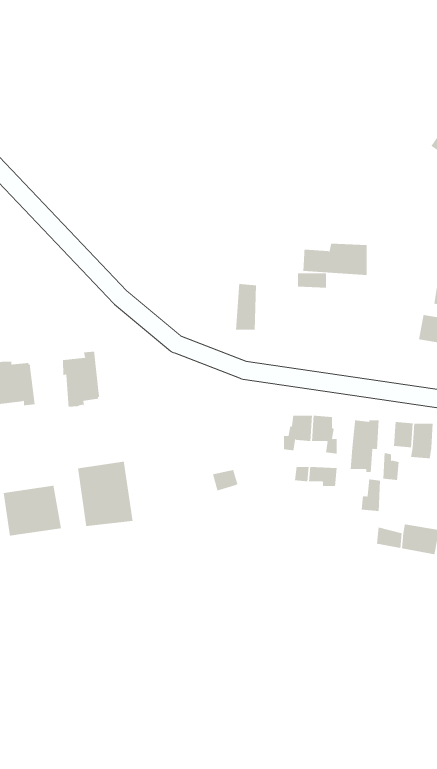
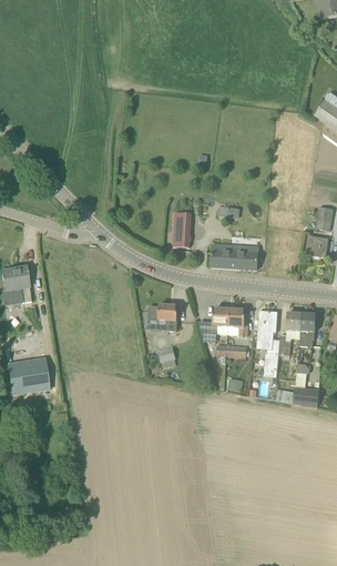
building: [303,242,368,276] -> [211,244,257,269]
building: [62,351,100,407] -> none
building: none -> [149,303,177,330]
building: [77,461,133,527] -> none

